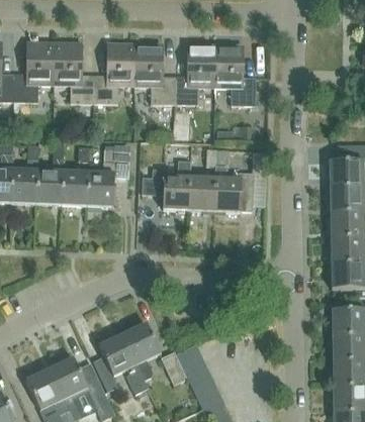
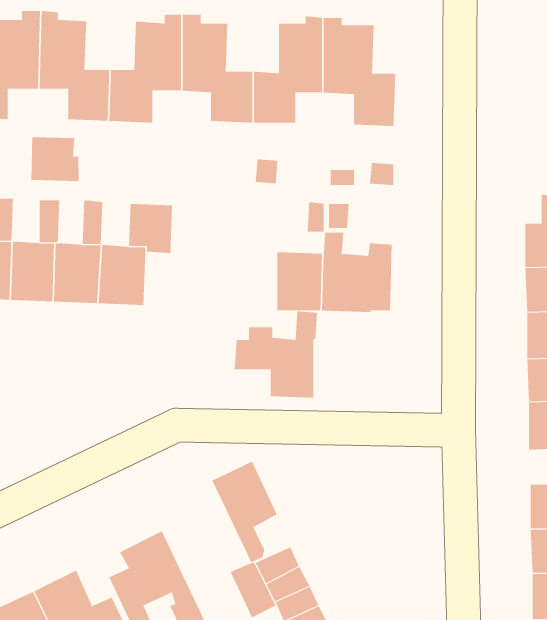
building: none -> [31,136,79,182]
building: [143,161,190,210] -> [234,311,318,398]
building: [123,323,161,381] -> [211,461,278,563]

